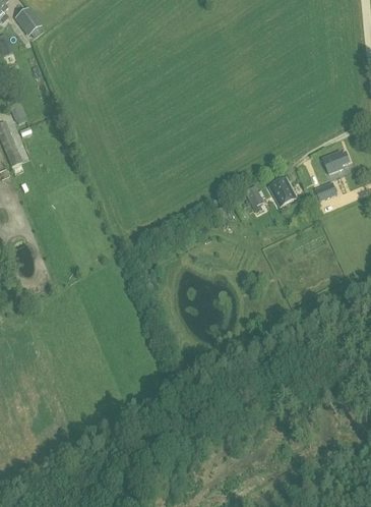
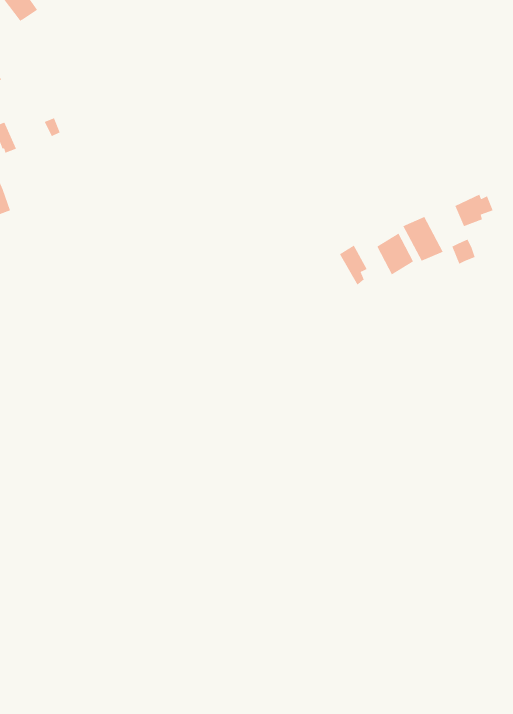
building: none -> [403,216,443,262]

